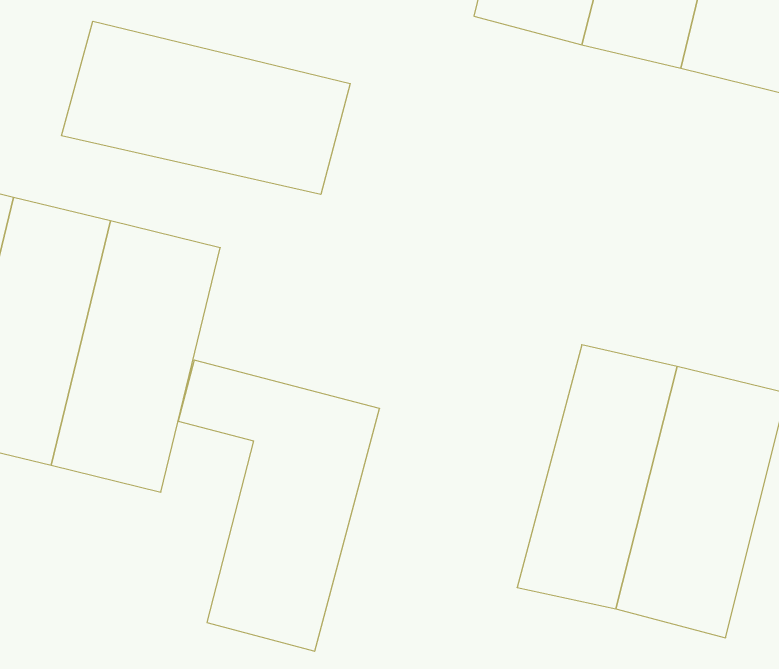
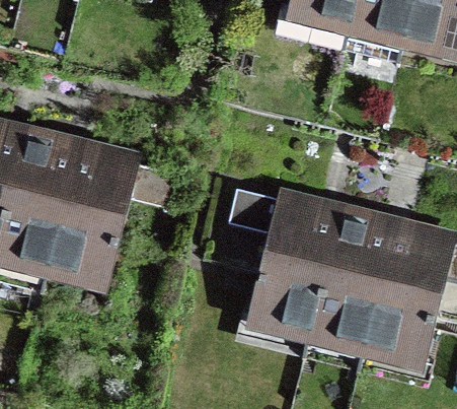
building: [62,21,350,194] -> none
building: [178,360,380,651] -> [230,181,344,345]

